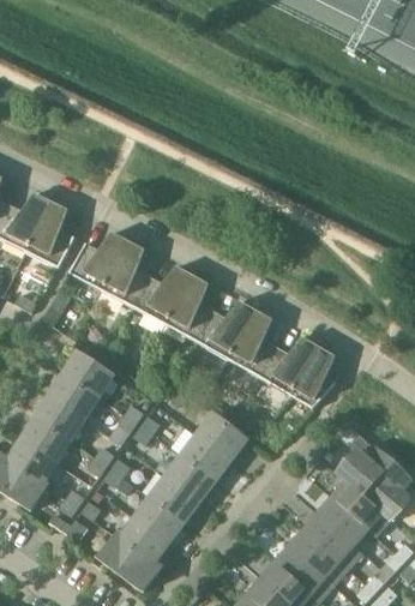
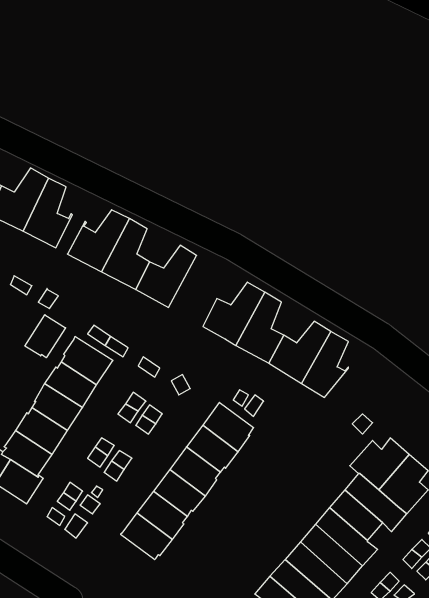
building: [166,274,211,341] -> none
building: none -> [25,315,66,358]
building: [98,533,162,590] -> none

